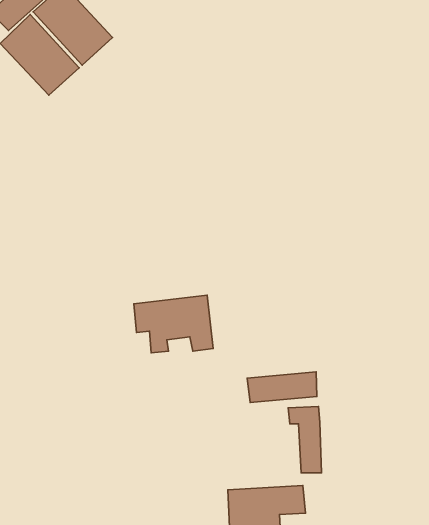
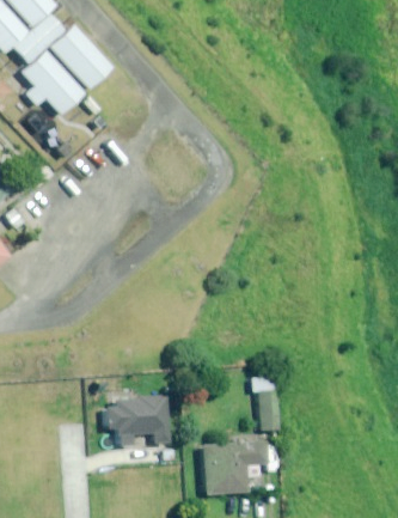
building: [134,295,213,353] -> [109,396,174,444]
building: [247,372,317,403] -> none

